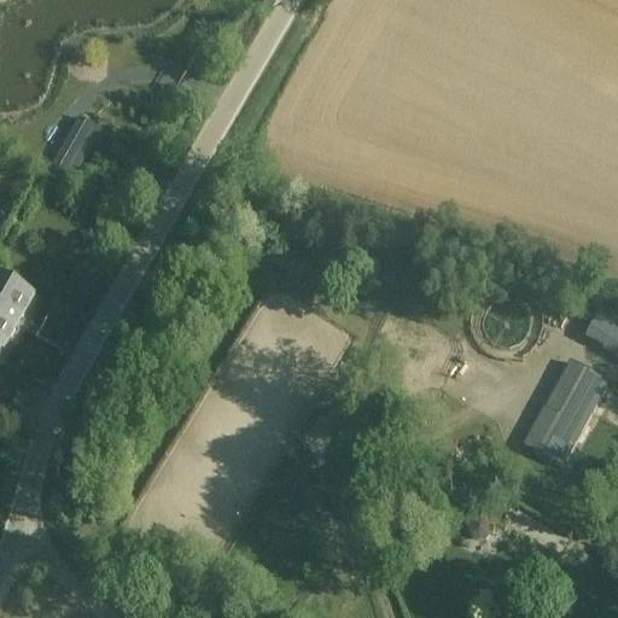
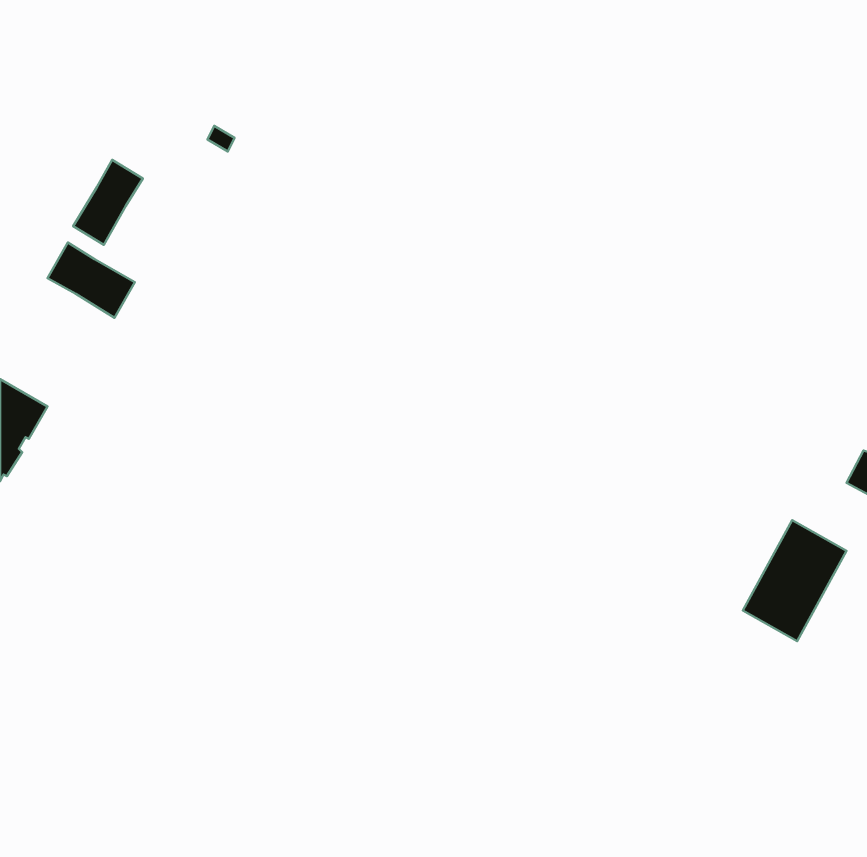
building: none -> [47,243,135,318]

